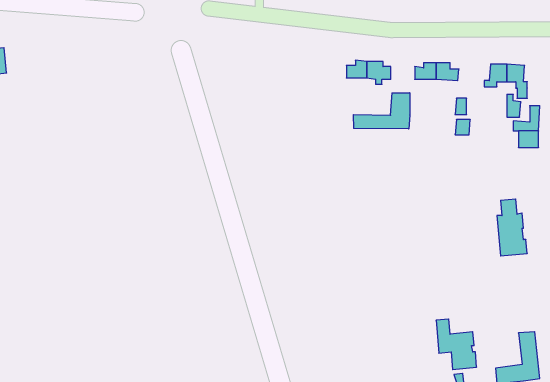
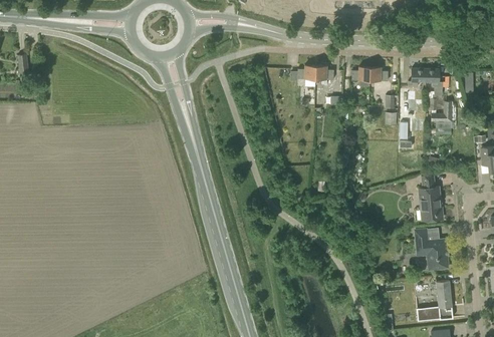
building: [353,93,410,129] -> none
building: [436,319,477,370] -> [416,230,448,270]

